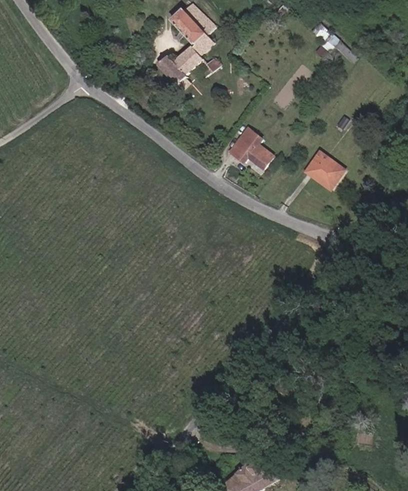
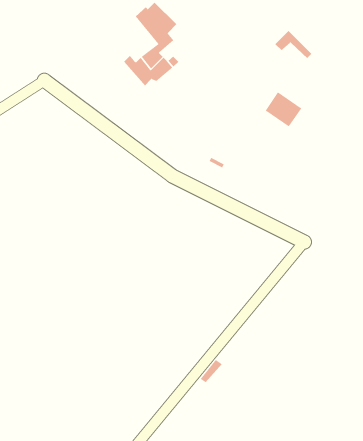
building: [229,128,272,166] -> none
building: [306,151,344,187] -> [265,92,302,127]

